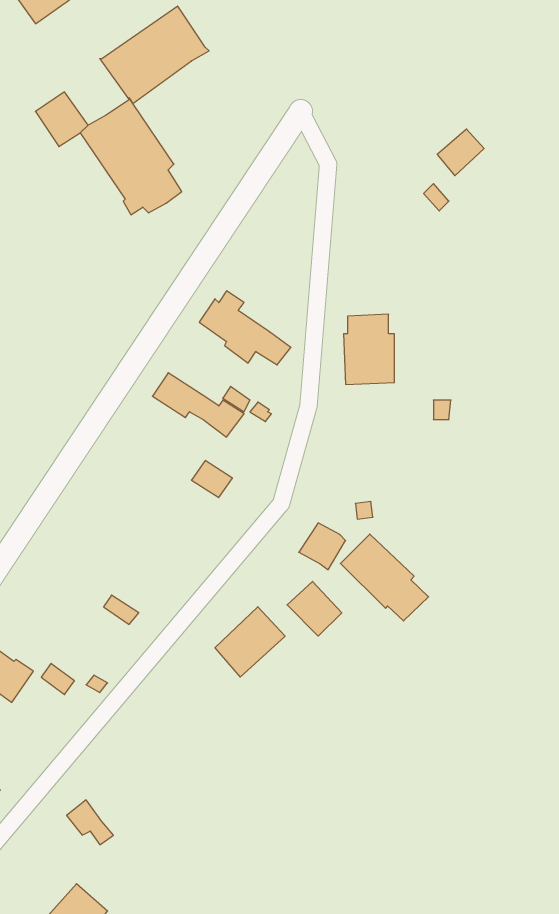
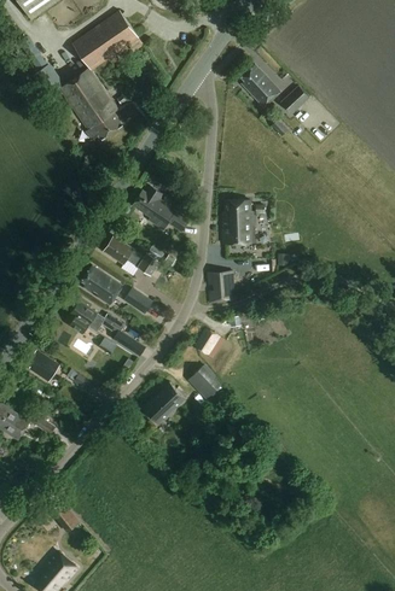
building: none -> [240,65,280,107]
building: none -> [82,267,122,305]
building: none -> [208,271,234,303]
building: none -> [69,303,146,357]
building: [340,534,429,621] -> none
building: none -> [28,350,59,381]

